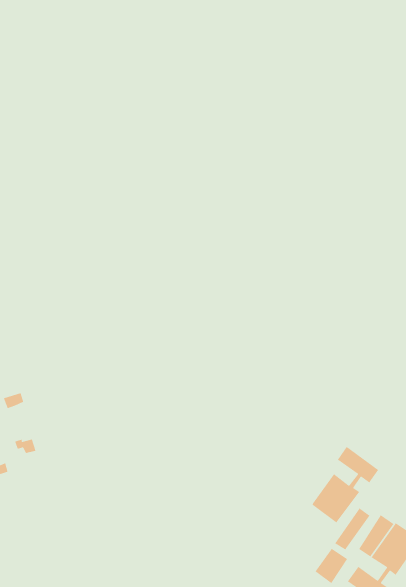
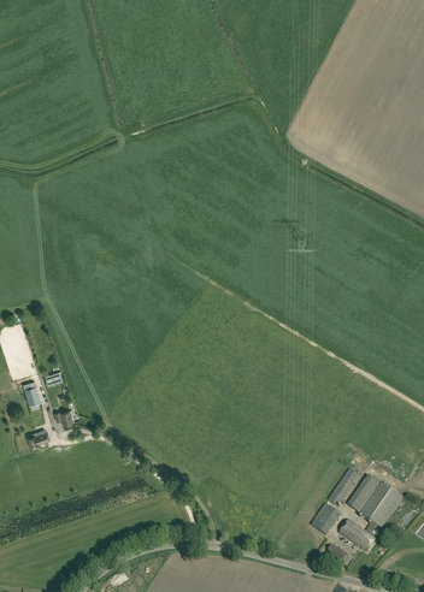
building: [312,446,379,524] -> none

